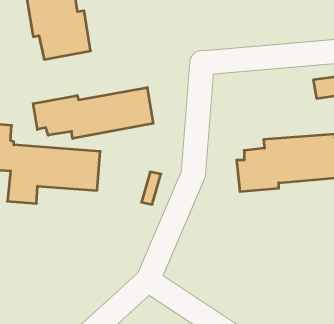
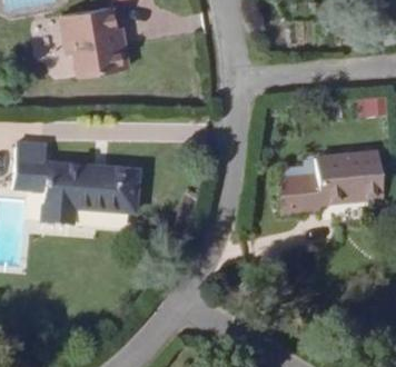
building: [33,87,153,139] -> none

